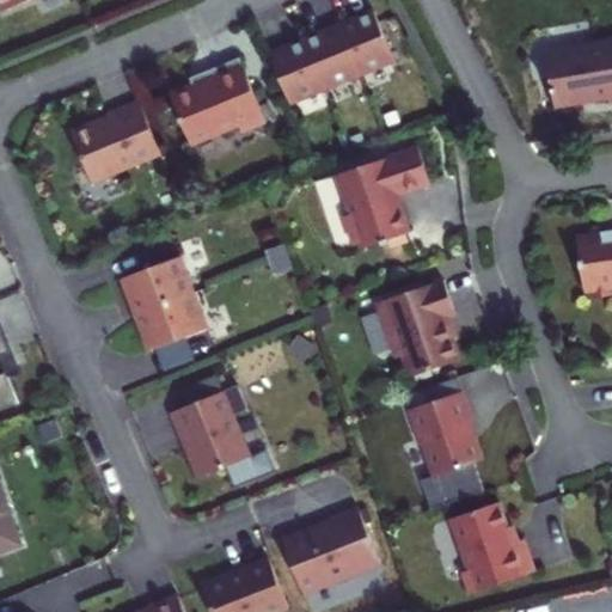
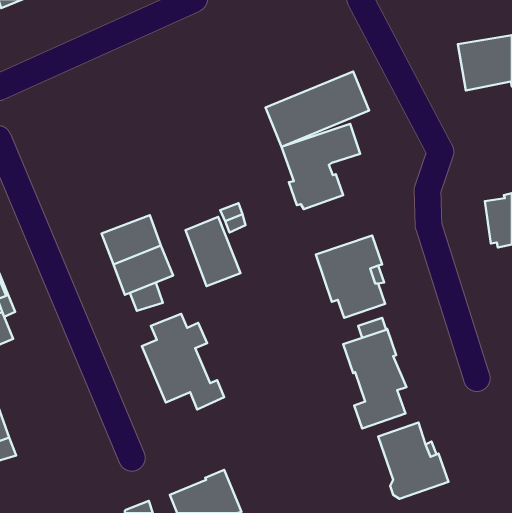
building: [270,12,393,102] -> [266,71,369,147]
building: [171,57,265,145] -> none
building: [72,100,160,182] -> none
building: none -> [186,217,240,286]
building: [281,507,379,594] -> none

